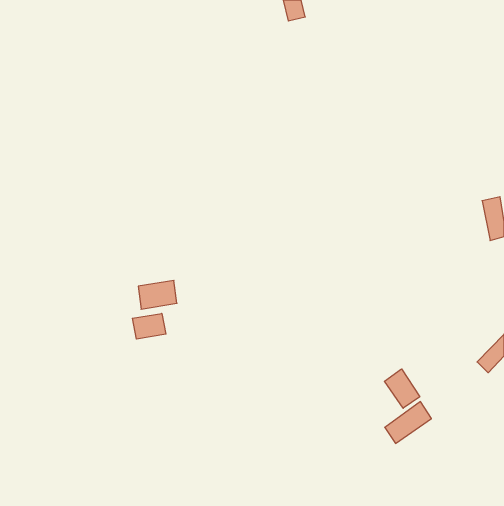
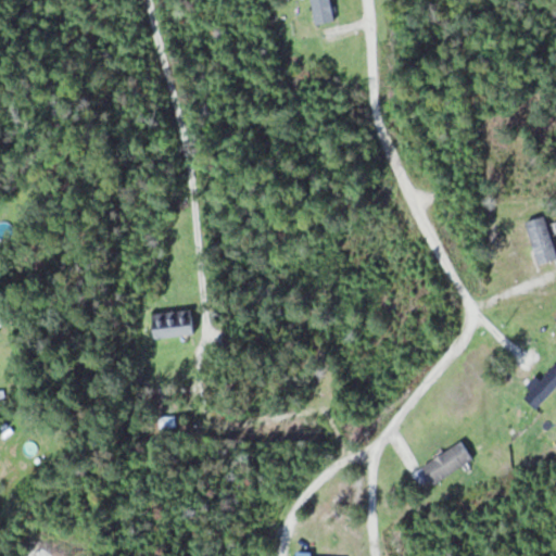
building: [132,313,166,339] -> none
building: [384,369,420,408] -> none

